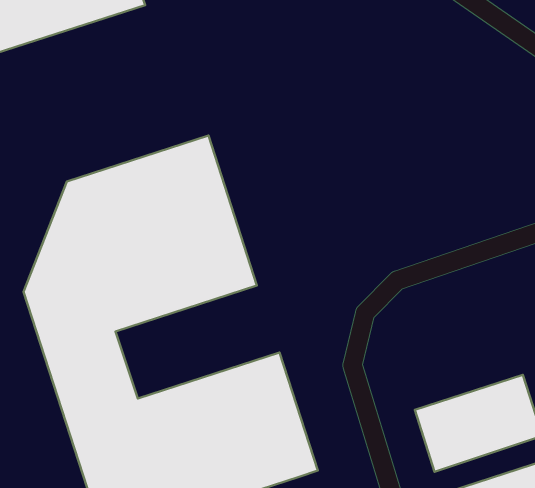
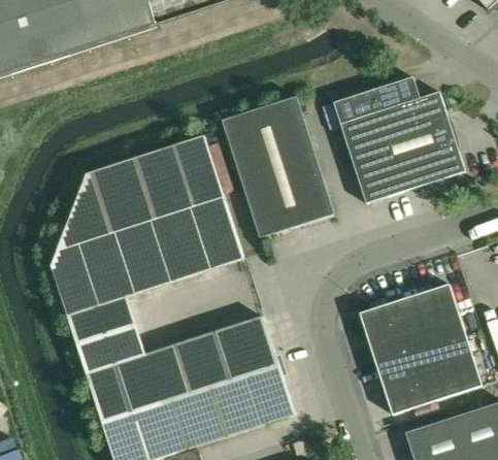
building: none -> [332,75,465,203]
building: none -> [222,96,334,237]
building: none -> [359,283,465,363]

